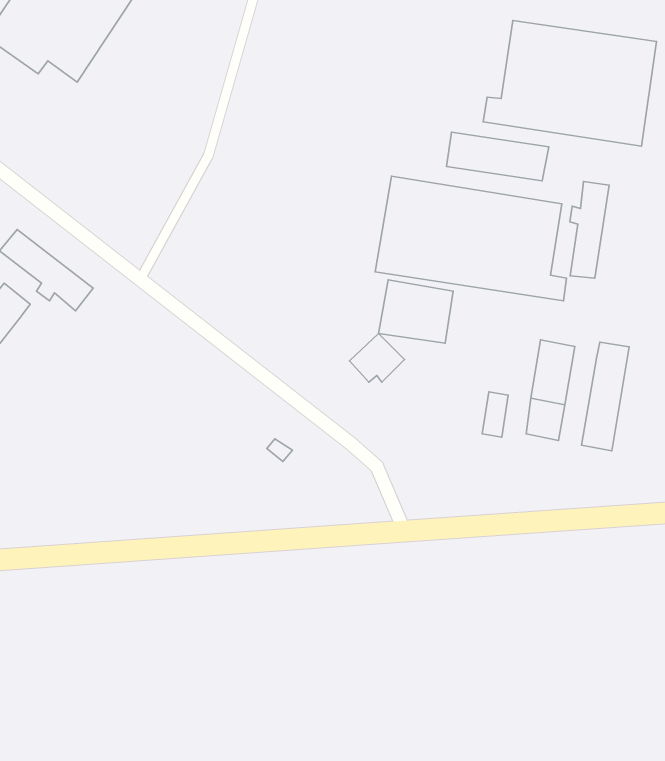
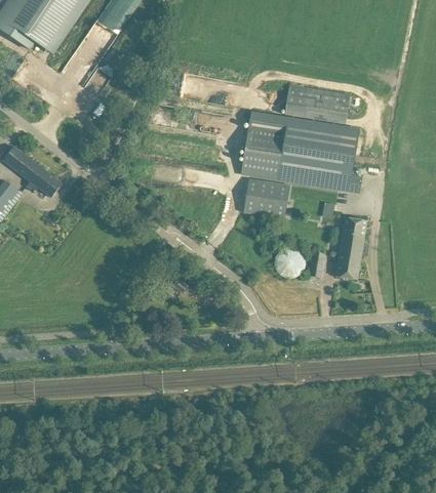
building: [483,21,657,146] -> none
building: [570,182,609,278] -> none
building: [349,333,405,382] -> [273,246,308,277]
building: [581,342,629,451] -> none

